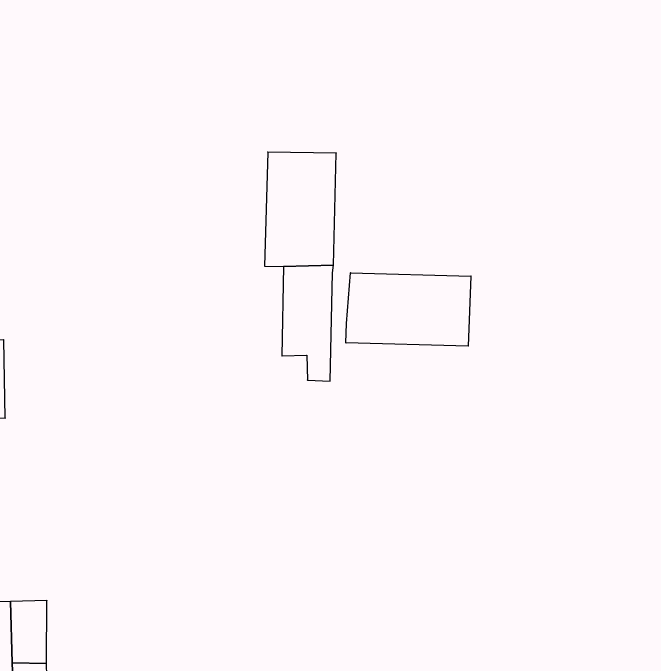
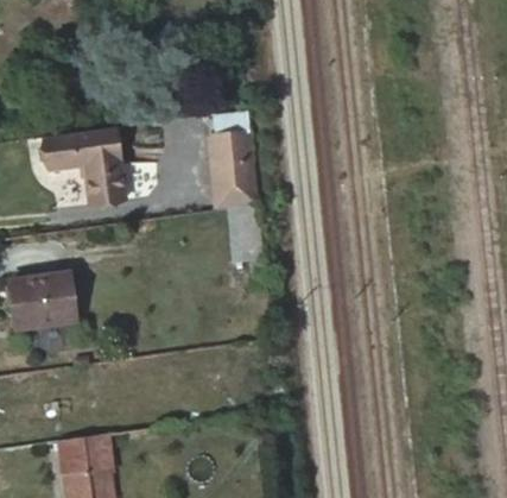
building: none -> [45,126,126,203]
building: [346,273,471,346] -> none

